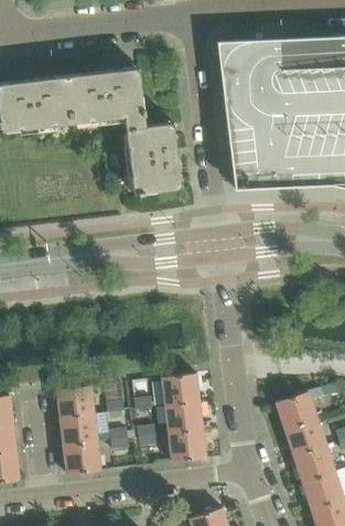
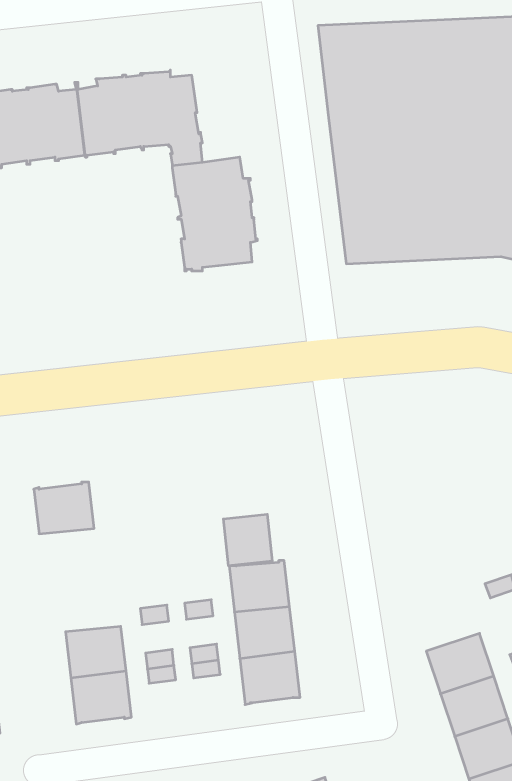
building: none -> [223,514,272,566]
building: [57,385,95,417] -> [34,482,94,534]
building: [276,390,317,429] -> none

